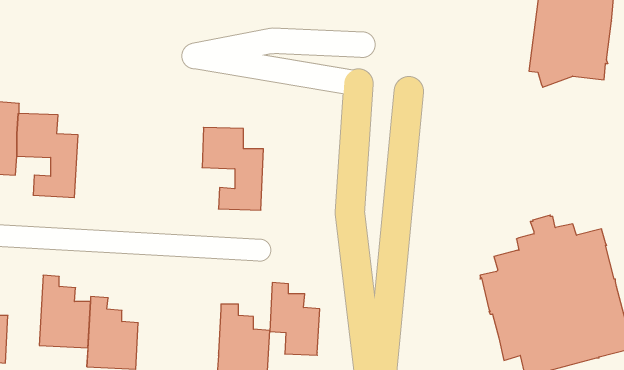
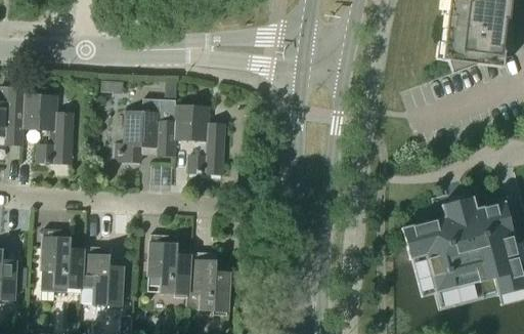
building: none -> [116,98,176,162]
building: [270,283,320,355] -> [149,234,190,293]

